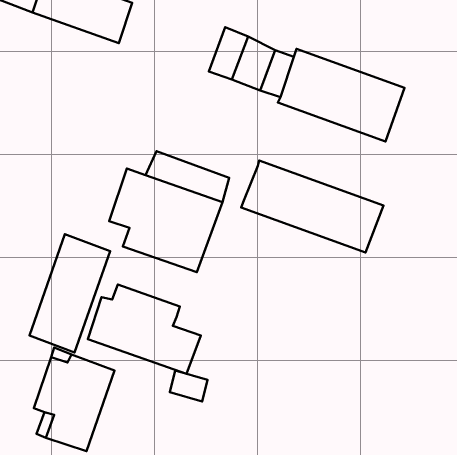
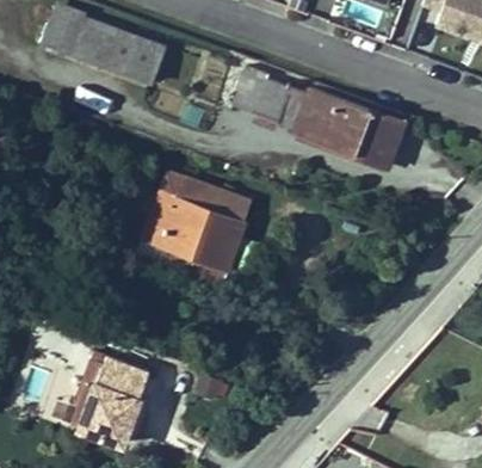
building: [241,161,383,253] -> none
building: [29,234,110,353] -> none
building: [88,284,201,374] -> none

